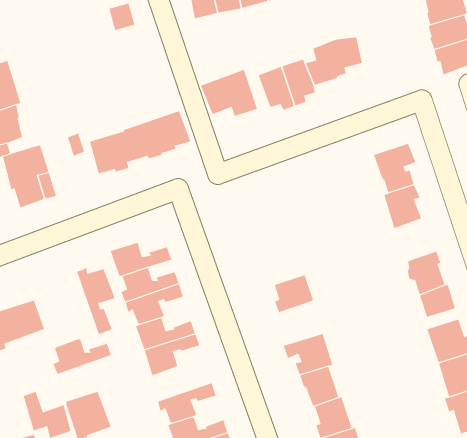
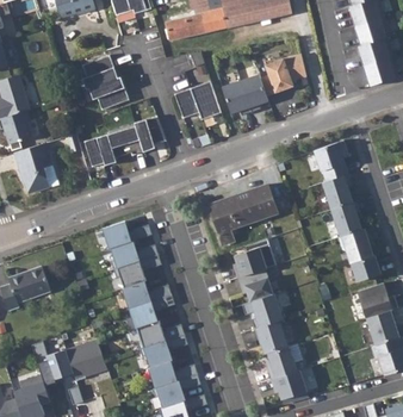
building: none -> [85,55,131,108]
building: none -> [209,185,277,244]
building: none -> [331,200,362,236]
building: [76,267,115,335] -> none
building: none -> [238,268,274,301]
building: [53,339,112,374] -> [137,320,185,349]

